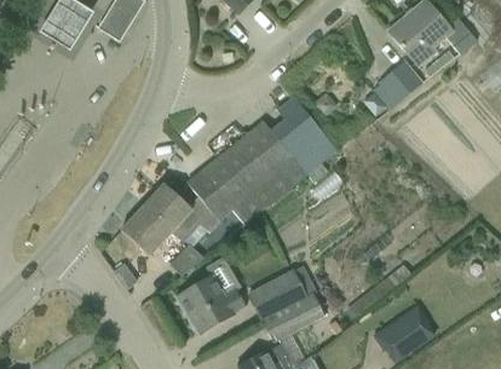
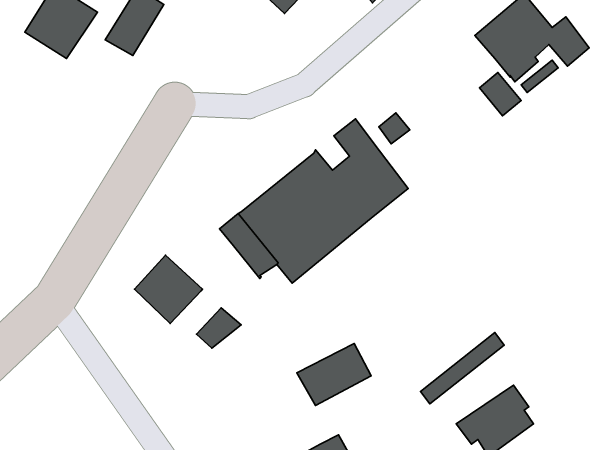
building: [374,71,409,110] -> none
building: [145,183,219,240] -> none
building: [178,255,244,333] -> none
building: [263,293,326,342] -> none

